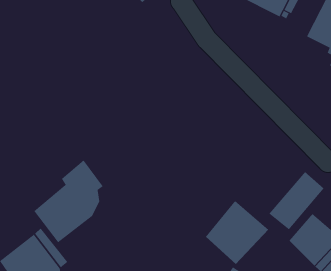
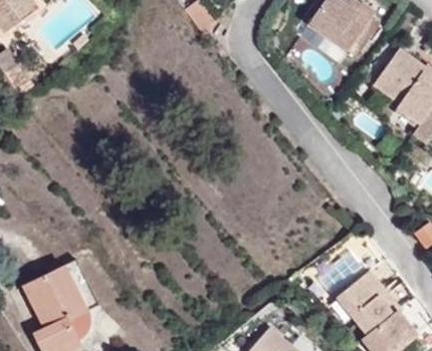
building: [34,160,104,243] -> none
building: [205,200,269,265] -> none

